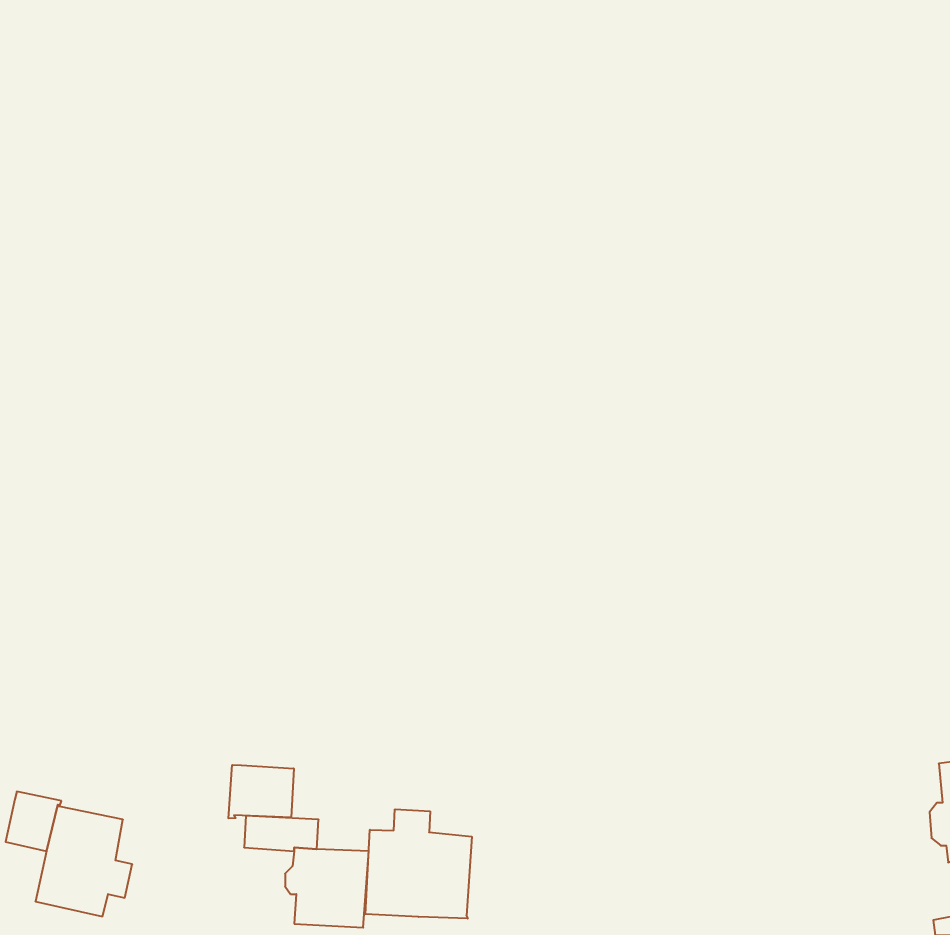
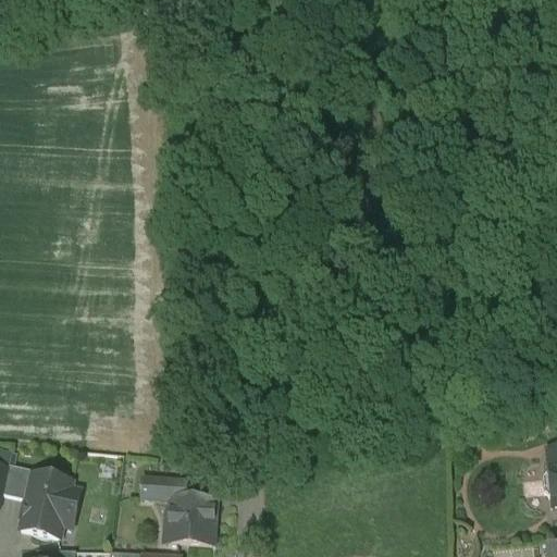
building: [228,765,294,818] -> none
building: [365,809,472,919] -> none

